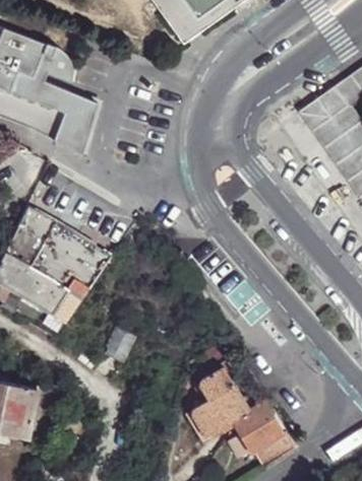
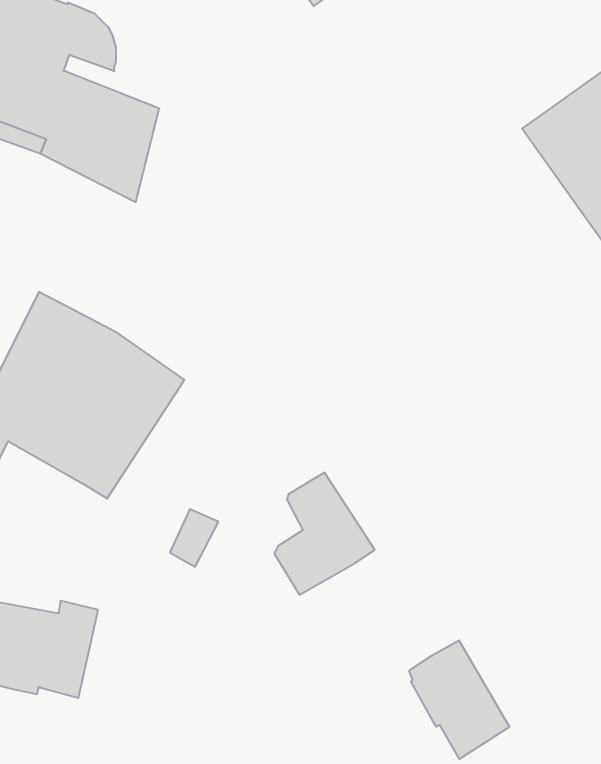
building: [190,366,247,435] -> [274,473,375,595]

